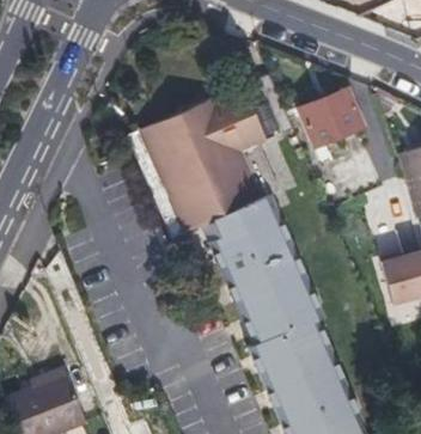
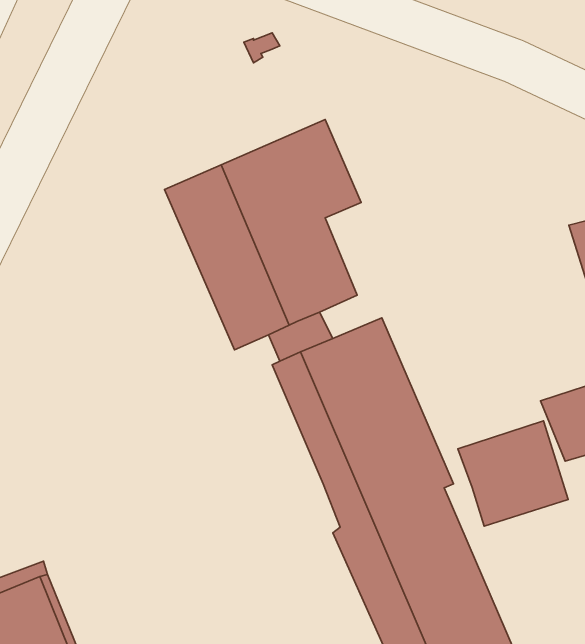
building: [306,88,364,141] -> none
building: none -> [458,421,568,526]

